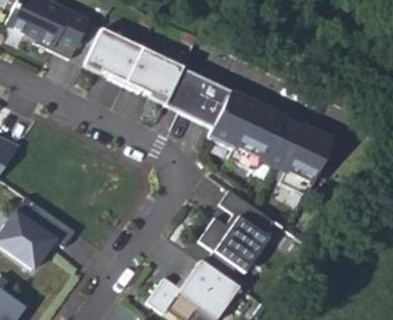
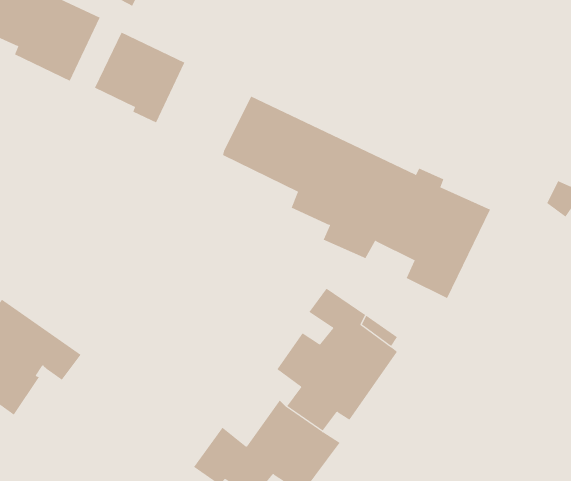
building: [124,47,183,102] -> none

